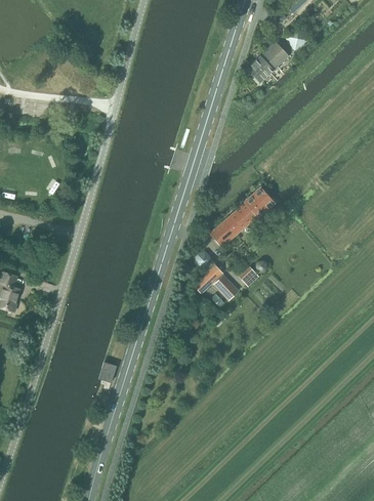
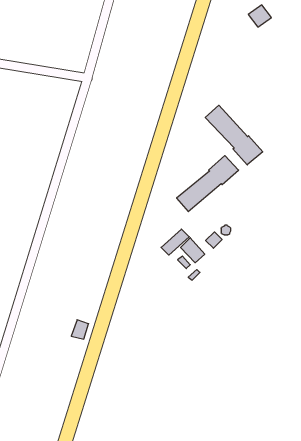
building: [247,40,289,82] -> none
building: none -> [205,105,263,165]

